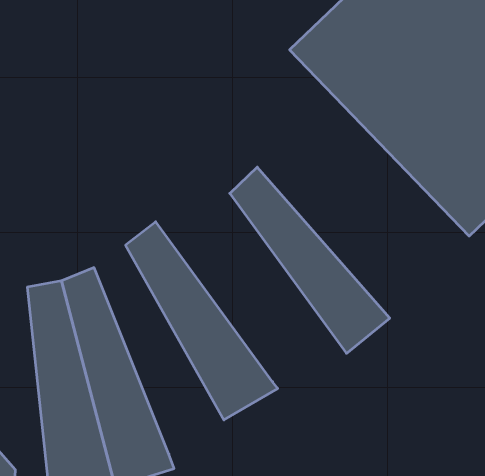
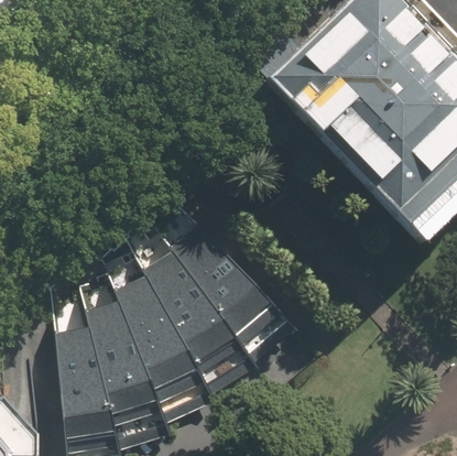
building: [230,167,390,353] -> [156,203,291,359]
building: none -> [105,245,217,420]

